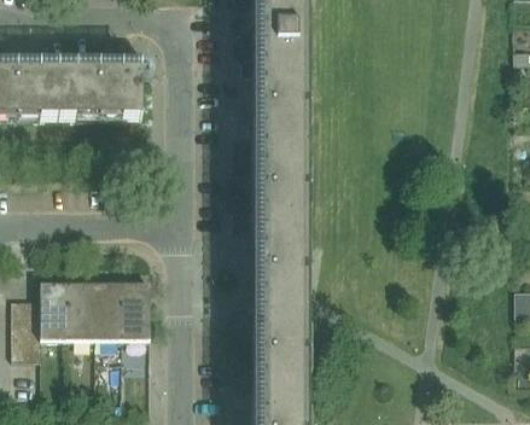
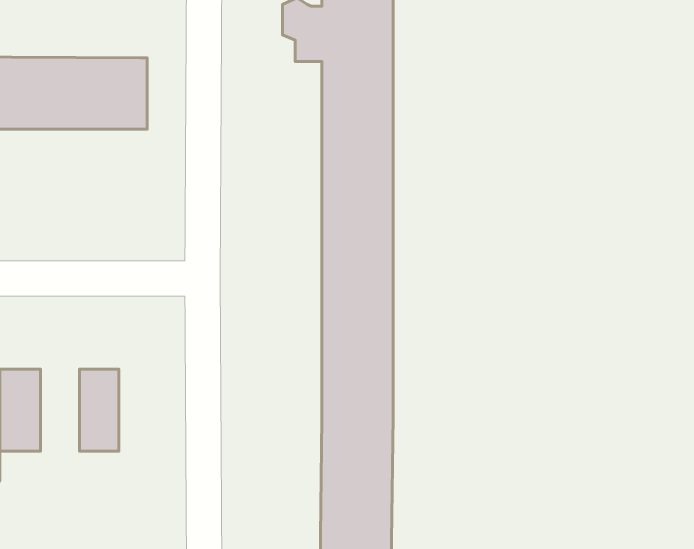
building: [66,279,93,334] -> none
building: [120,279,148,334] -> none

